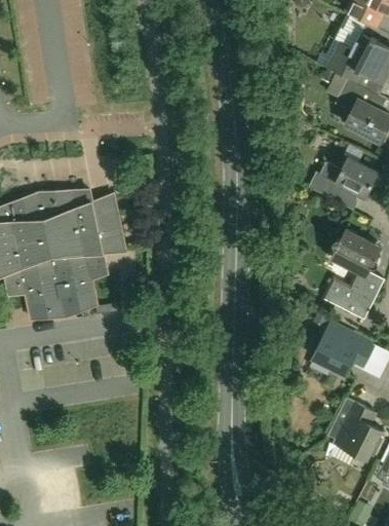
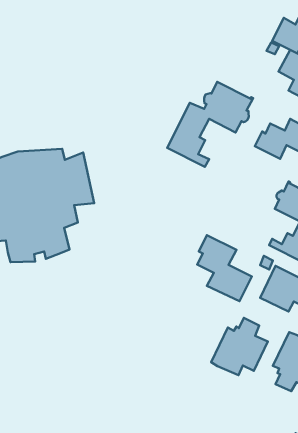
building: none -> [167,82,253,167]
building: none -> [197,235,252,301]
building: none -> [211,318,268,375]

